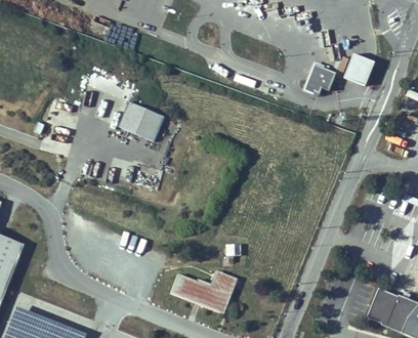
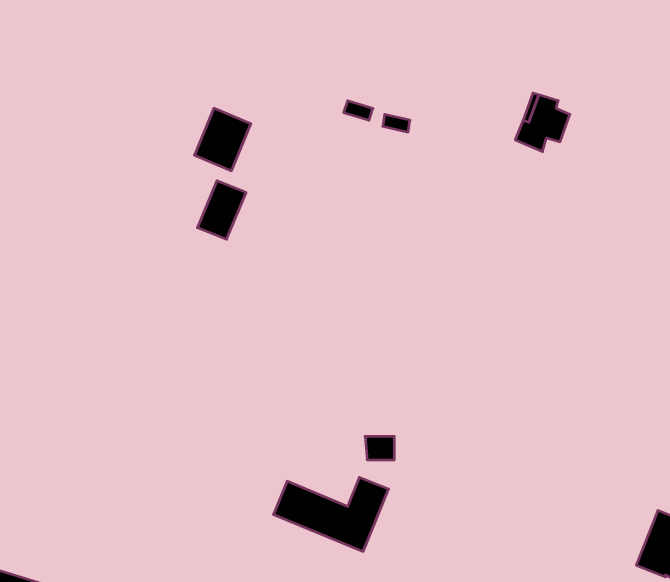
building: [343,54,374,86] -> none
building: [118,102,148,135] -> [194,108,251,171]

